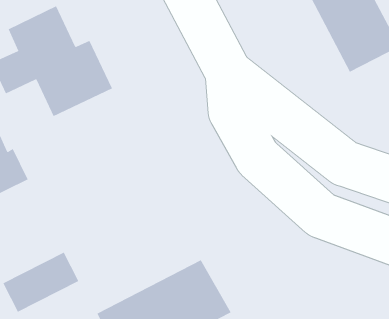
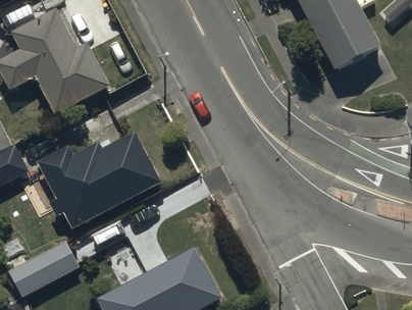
building: none -> [37,130,162,229]

